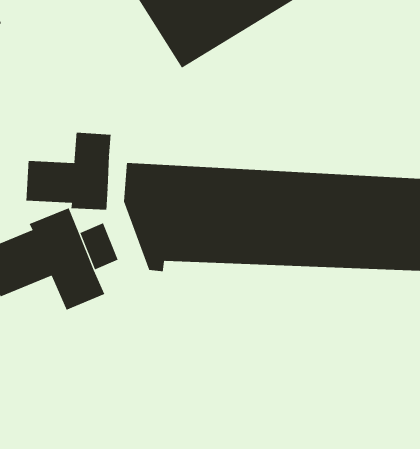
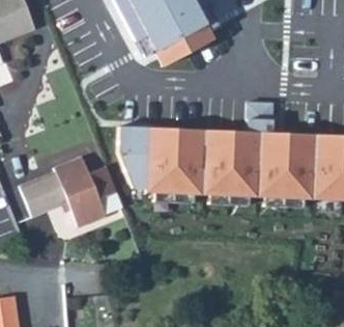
building: [26,132,111,211] -> none

